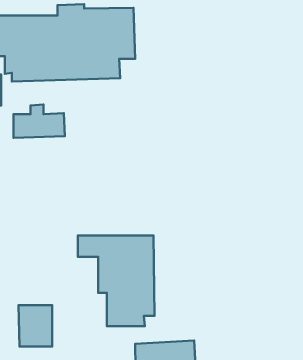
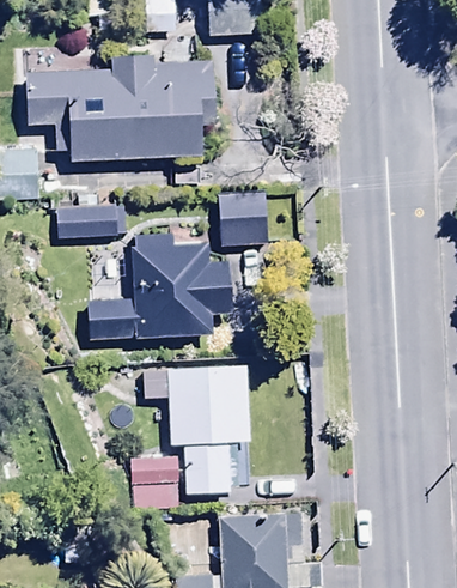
building: none -> [220,187,266,244]
building: none -> [86,229,234,339]
building: [19,305,52,347] -> [132,453,177,509]

